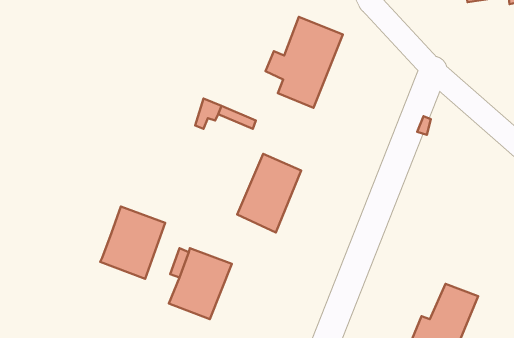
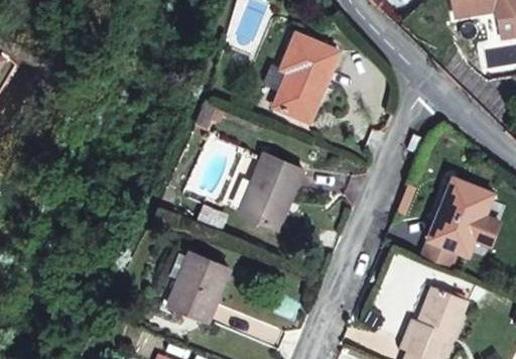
building: none -> [421,175,492,270]
building: [100,206,165,279] -> none

